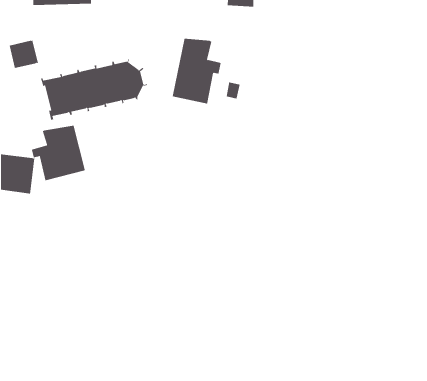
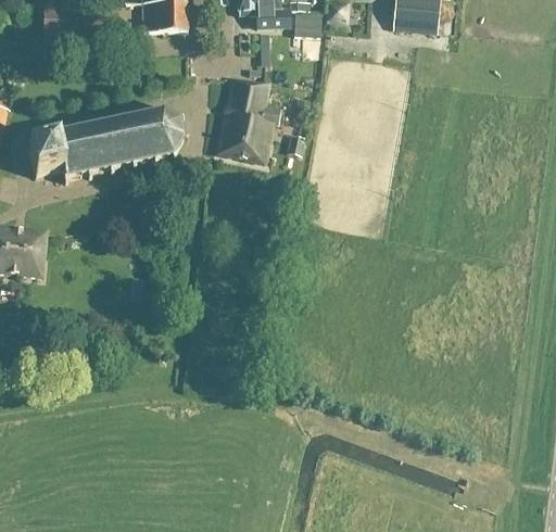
building: [9,39,39,69] -> [26,138,64,175]
building: [31,125,85,181] -> none

